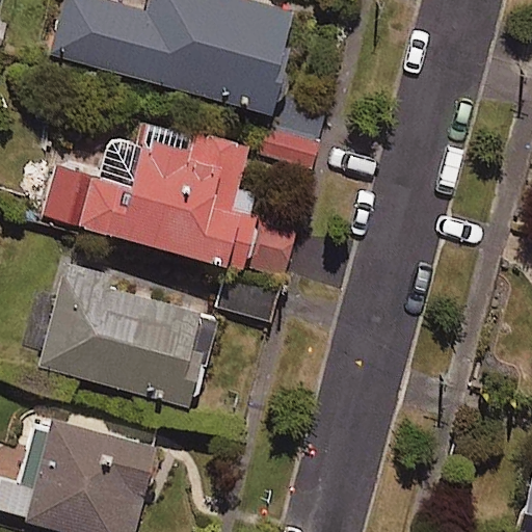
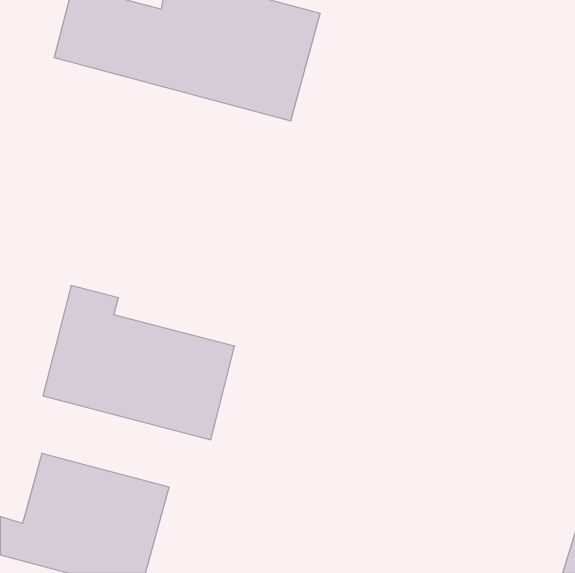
building: [49,121,259,273] -> none

